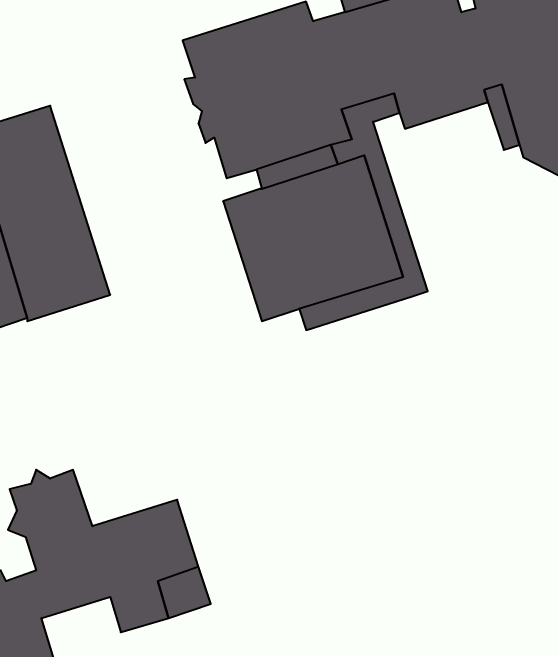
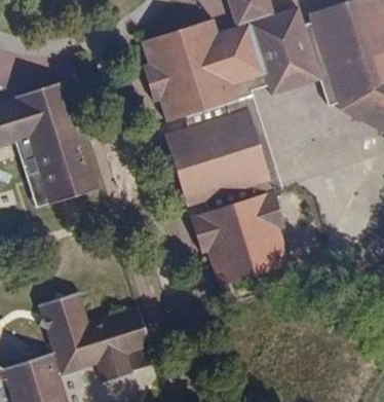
building: none -> [190,190,291,287]

